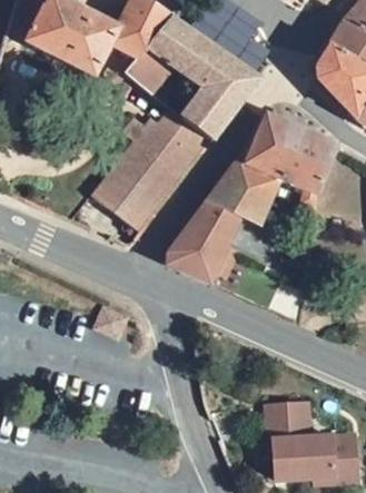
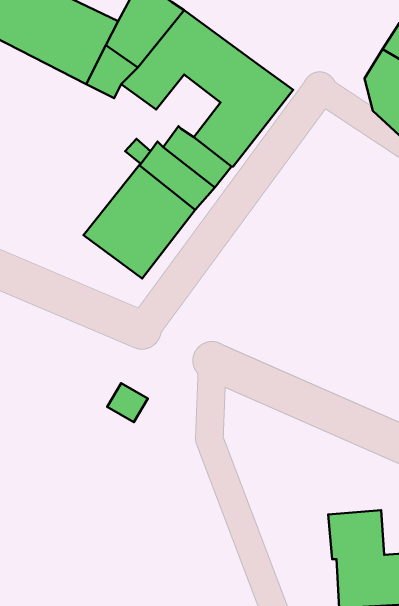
building: [158,110,327,277] -> none

